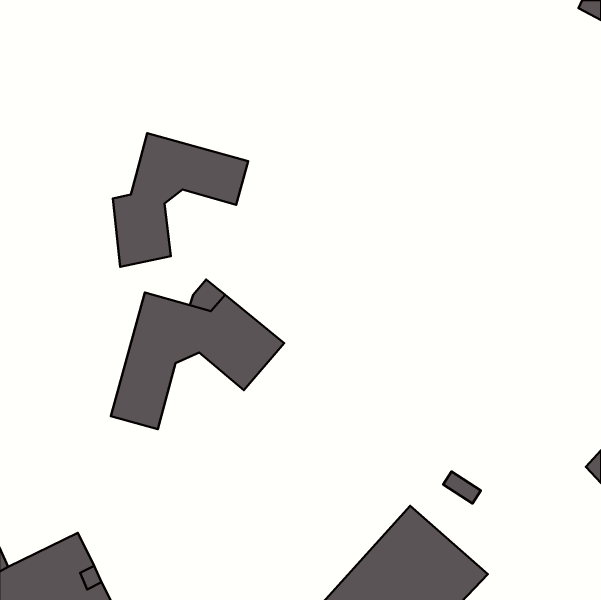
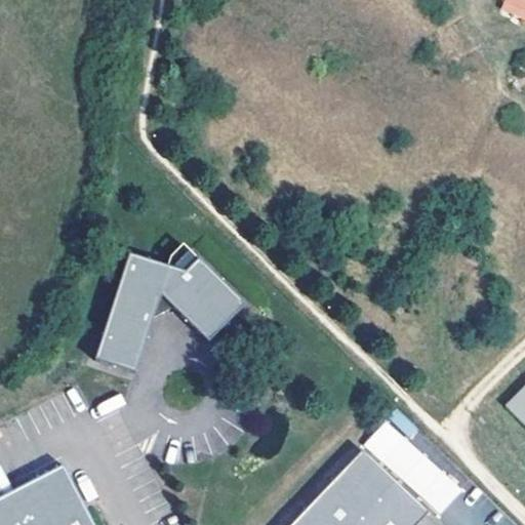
building: [113,133,248,267] -> none

